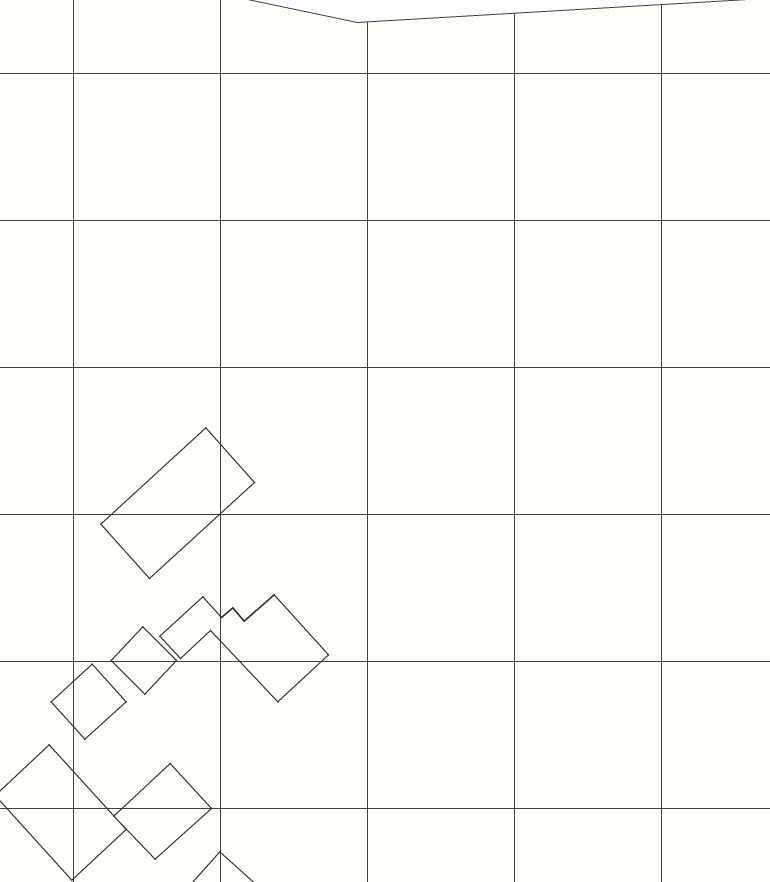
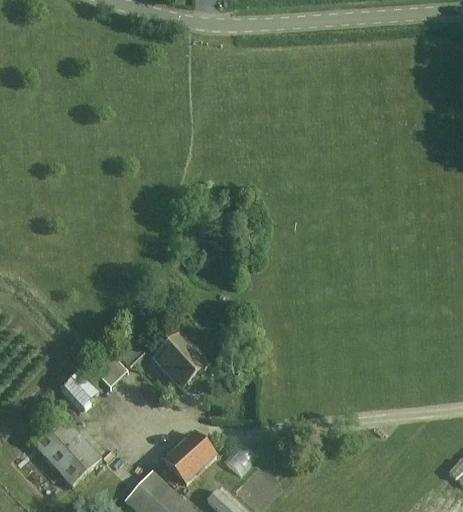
building: [101,428,254,579] -> none
building: [114,764,211,859] -> [164,431,216,482]

